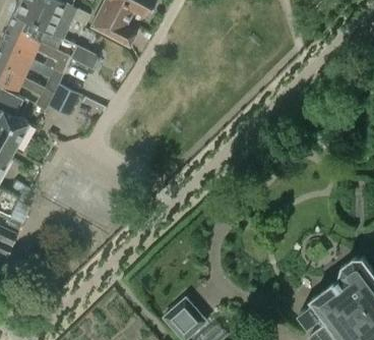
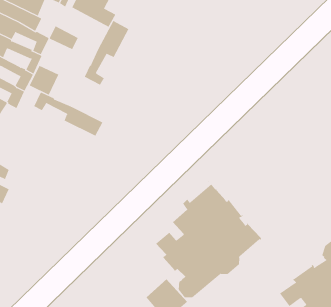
building: none -> [84,20,129,86]
building: none -> [34,92,103,137]
building: none -> [155,180,262,298]

